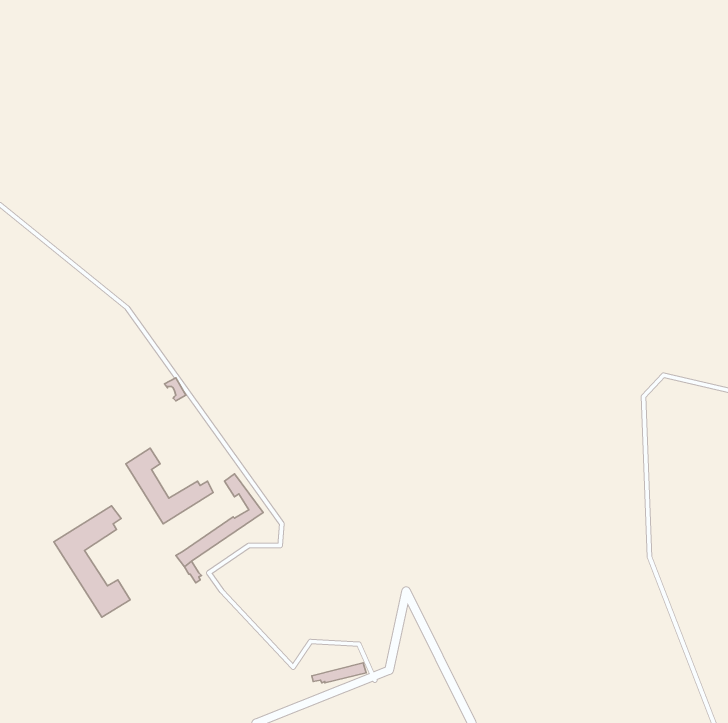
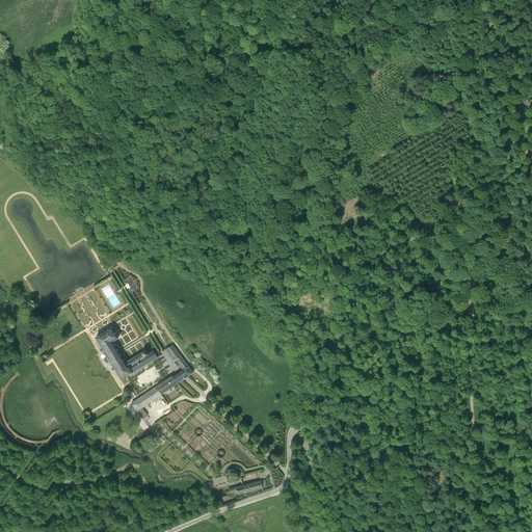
building: [54,506,130,617] -> none

